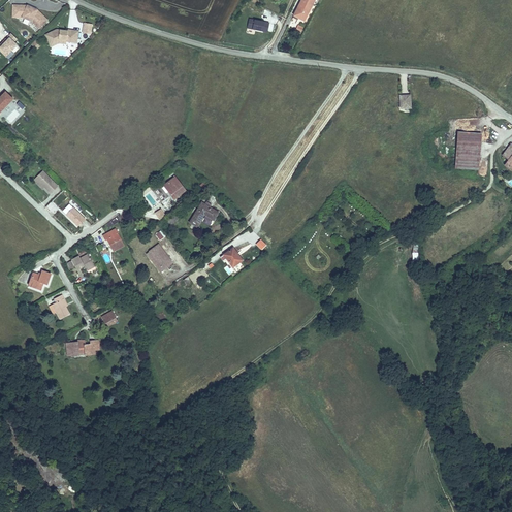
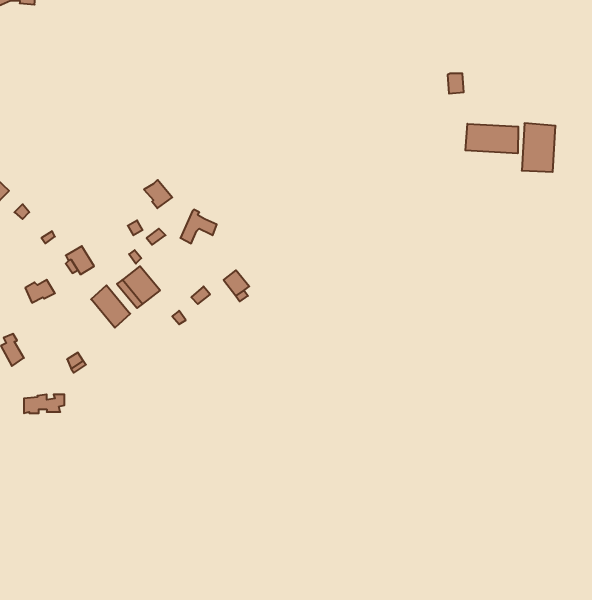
building: none -> [465,124,518,153]
building: none -> [91,285,130,328]

